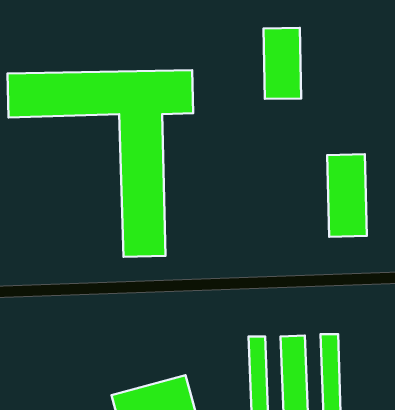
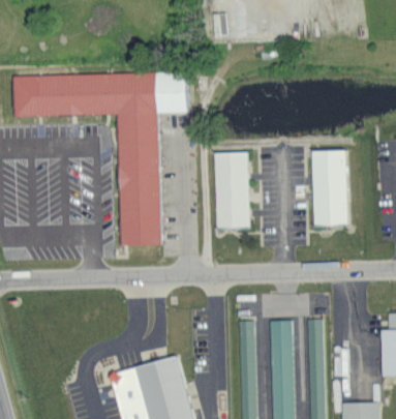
building: [264,28,301,99] -> none
building: none -> [212,153,250,231]

